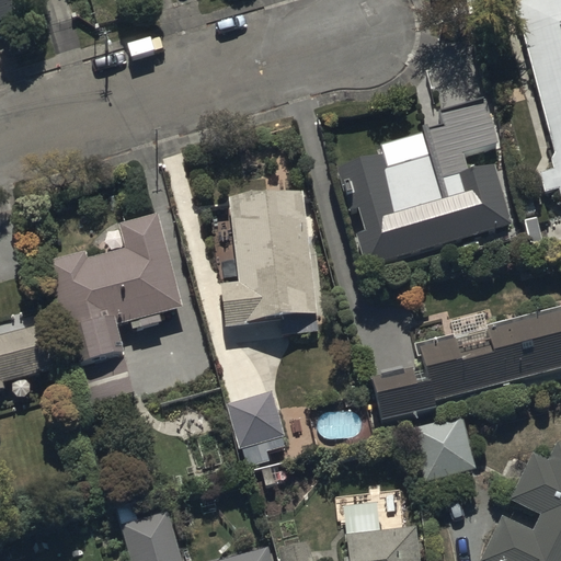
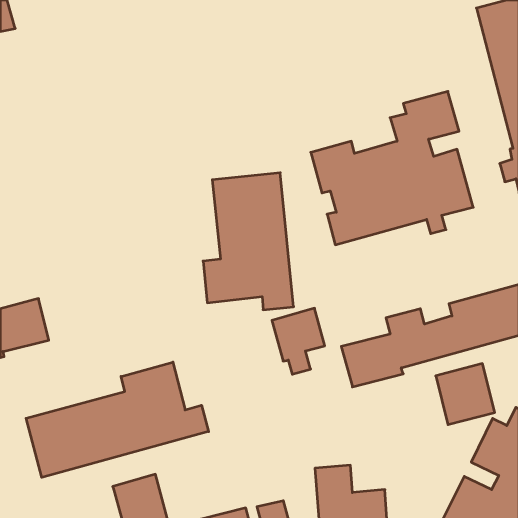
building: [48,214,182,405] -> none
building: none -> [26,362,209,477]
building: [228,392,285,463] -> [272,308,325,374]
building: [411,415,474,481] -> [436,364,495,425]

